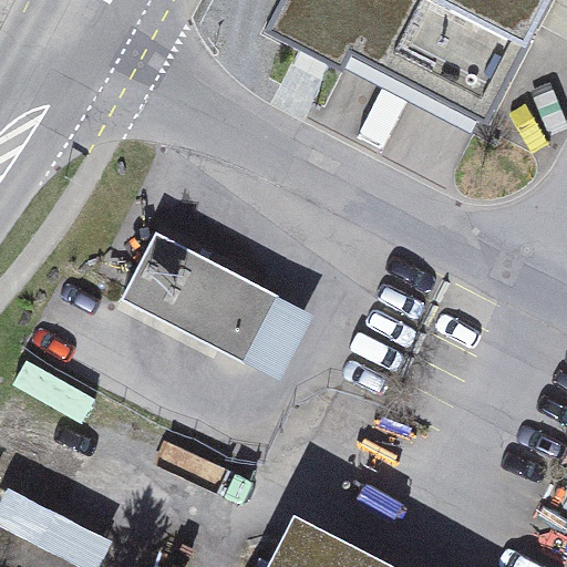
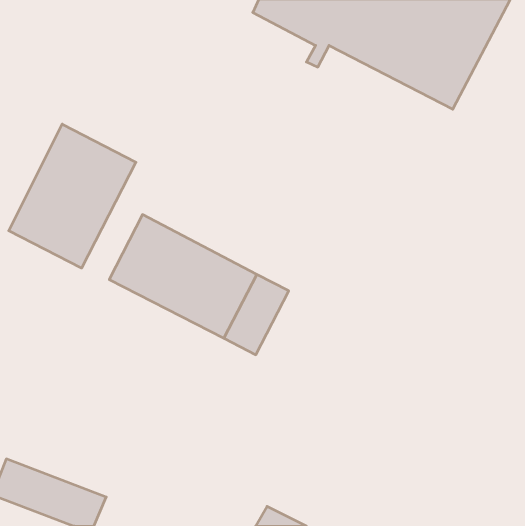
building: none -> [9,124,136,268]

